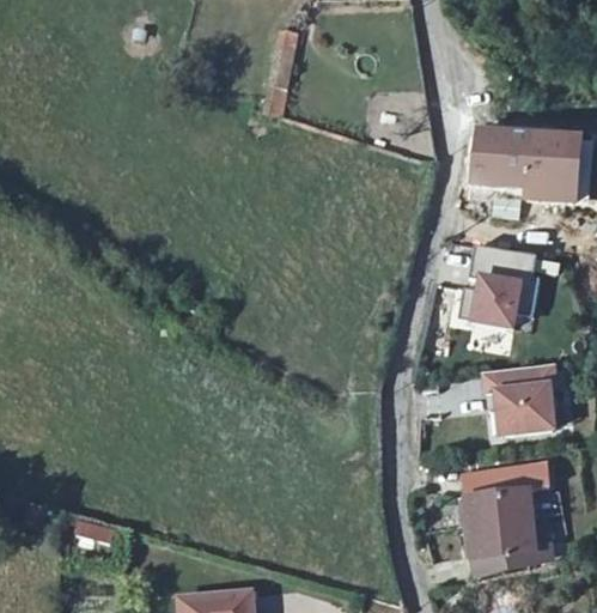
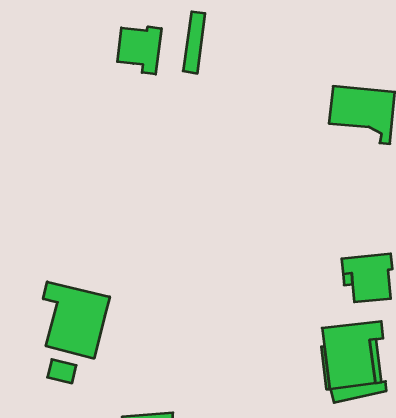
building: none -> [117,27,161,74]
building: [459,244,541,327] -> none
building: none -> [43,282,110,358]

